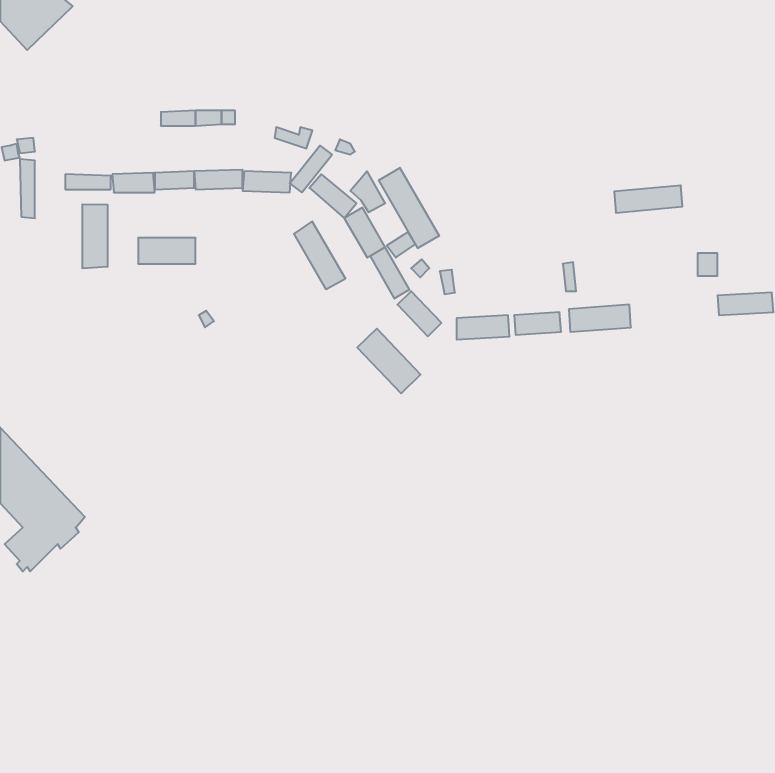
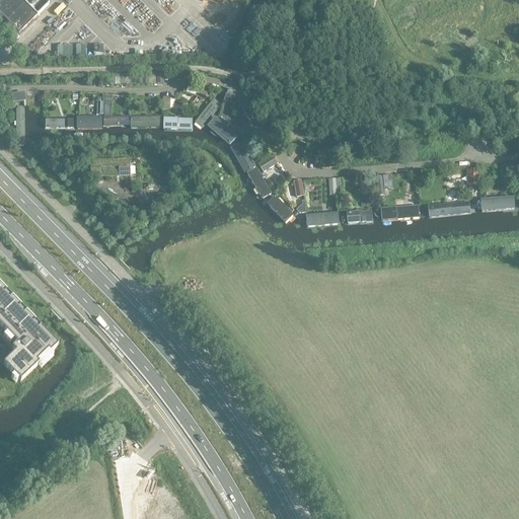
building: [379,168,439,248] -> none
building: [614,185,682,213] -> [427,199,472,217]
building: [82,204,107,268] -> none
building: [294,221,345,289] -> none
building: [357,329,421,393] -> none

